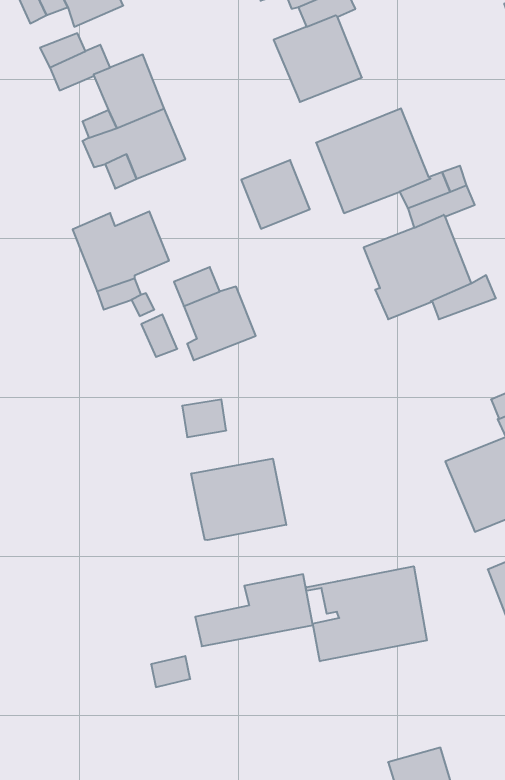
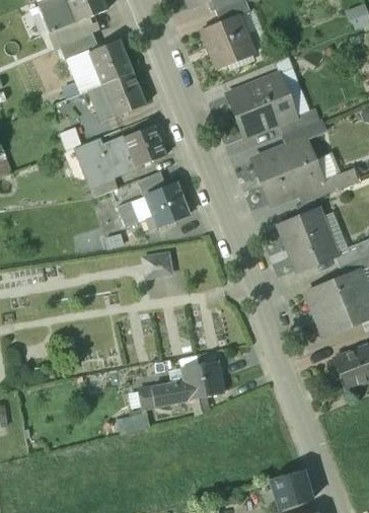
building: [241,160,310,229] -> [123,124,165,166]
building: none -> [280,211,333,268]
building: [191,459,286,540] -> none
building: [306,566,427,661] -> none

